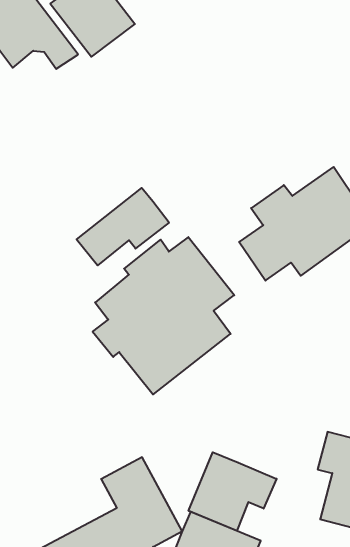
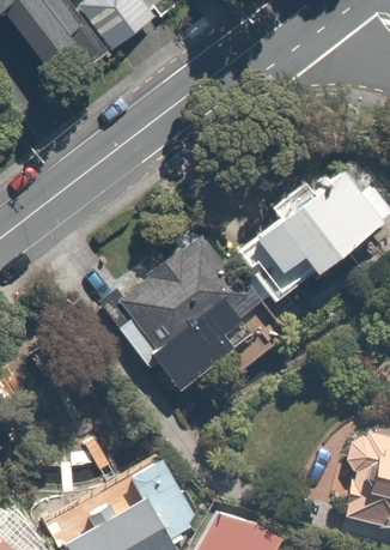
building: [77,188,169,265] -> none
building: [189,452,277,531] -> none

